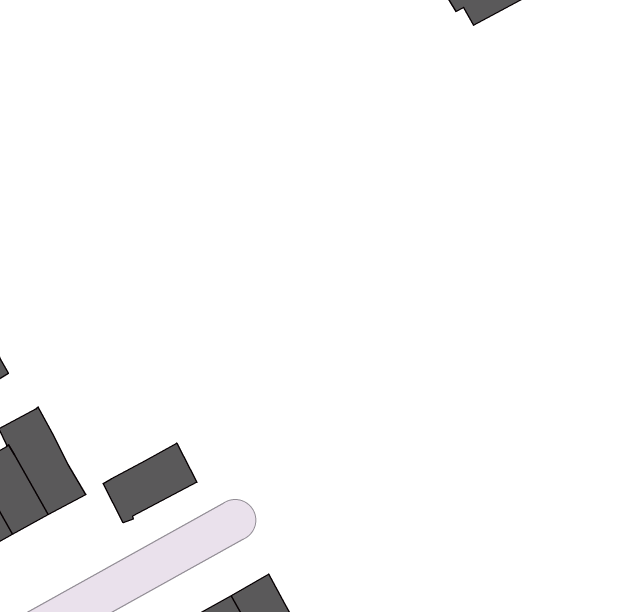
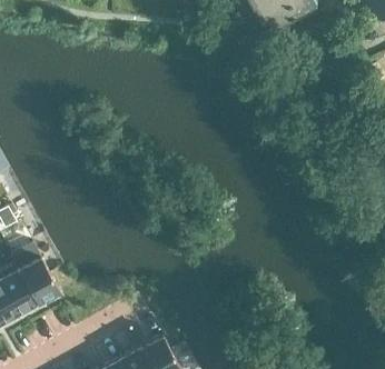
building: [103,443,197,523] -> none

